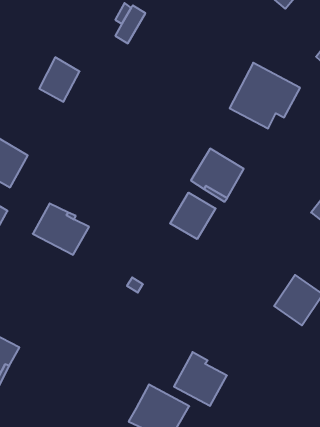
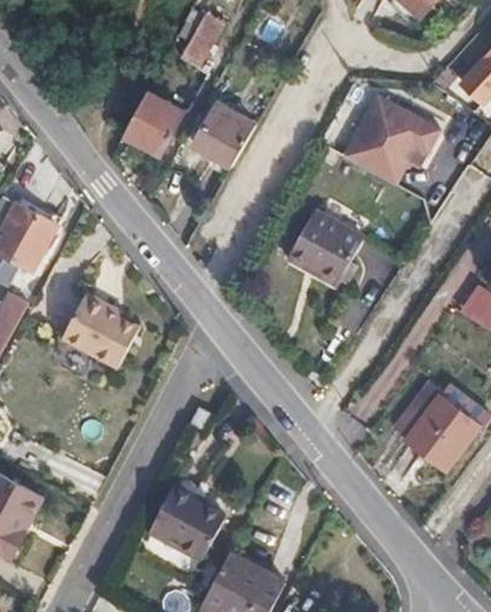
building: [39,57,80,102] -> [125,90,183,153]
building: none -> [195,102,256,164]
building: [170,193,216,239] -> none
building: [174,352,227,406] -> [148,479,223,556]

